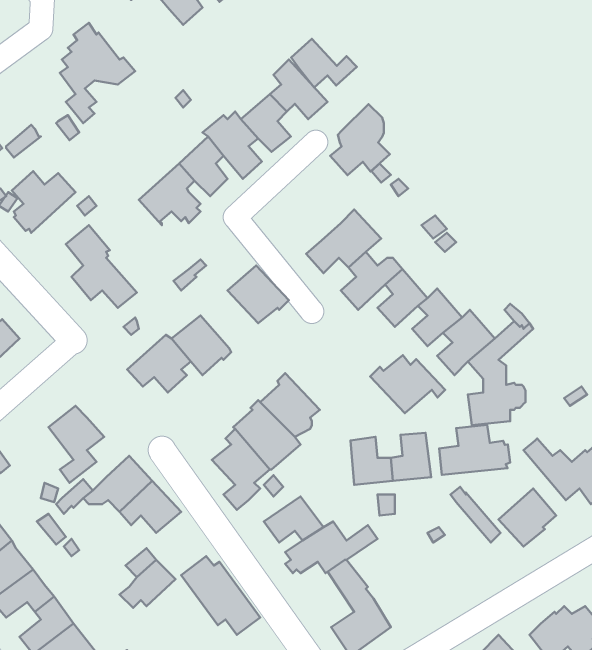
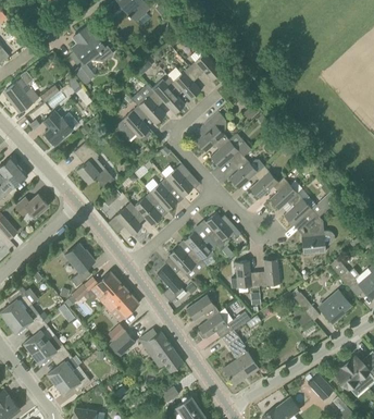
building: [291,39,357,87] -> none
building: [330,104,390,175] -> [196,112,229,152]
building: none -> [150,178,184,211]
building: [370,355,445,413] -> [198,213,240,246]
building: [439,425,510,475] -> none

